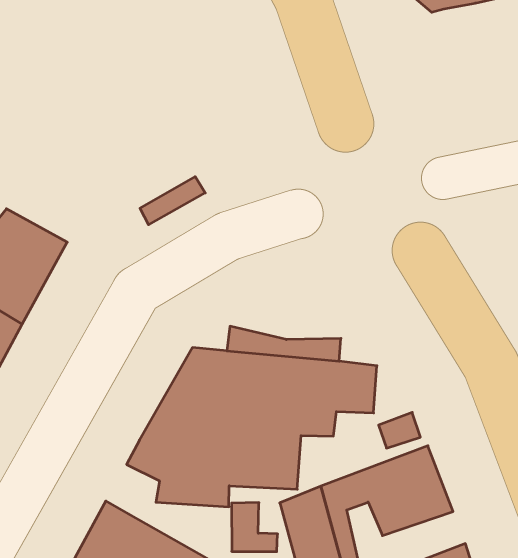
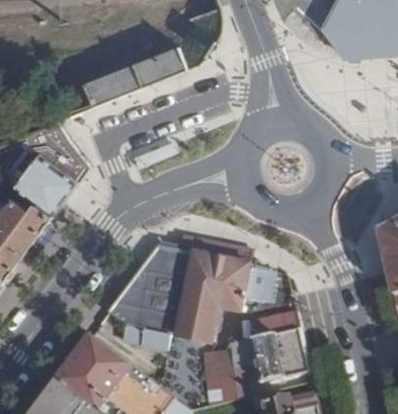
building: none -> [83,46,183,106]

